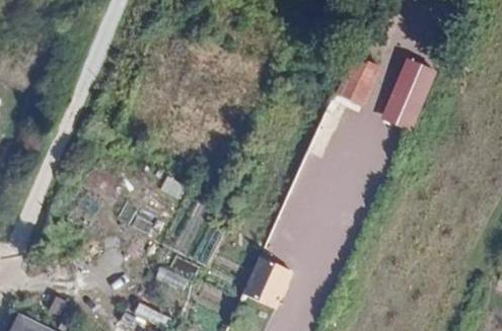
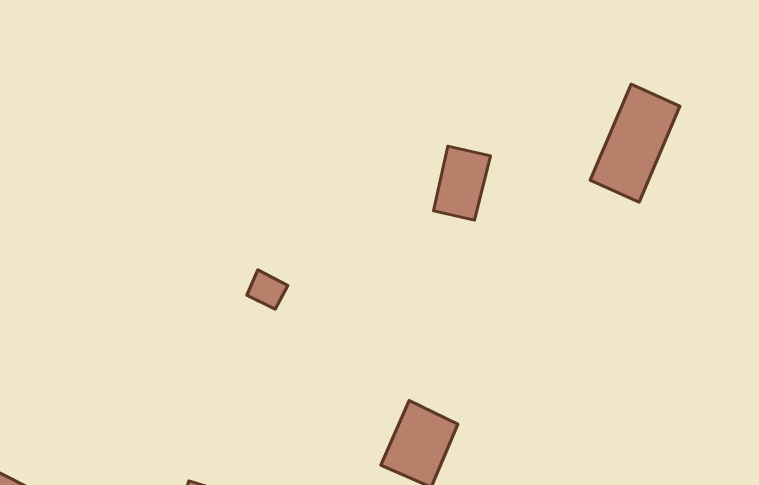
building: [345,56,381,103] -> [434,146,490,220]

